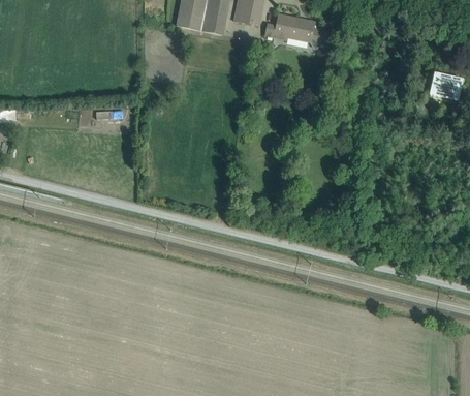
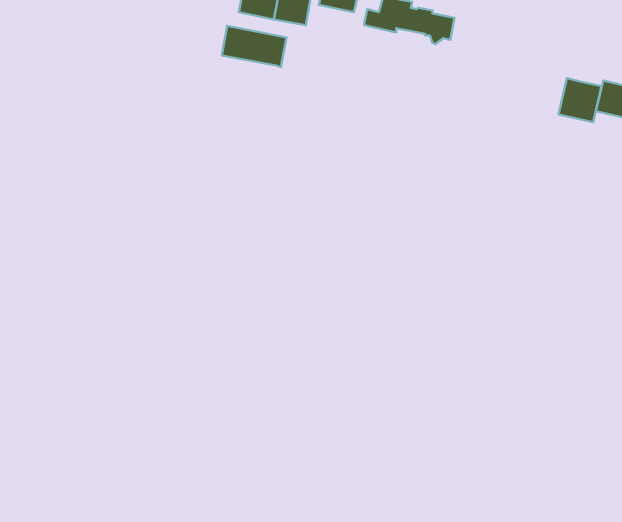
building: none -> [222,26,286,67]
building: none -> [558,78,602,122]

